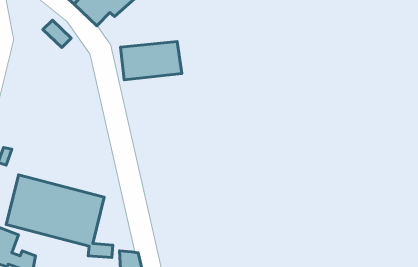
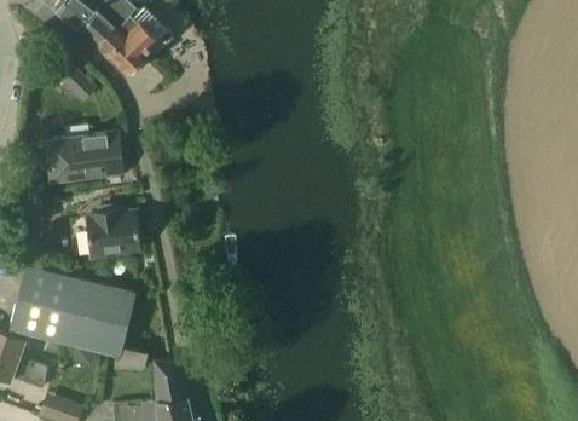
building: [121,41,182,80] -> [46,133,125,183]
building: none -> [73,209,141,258]

